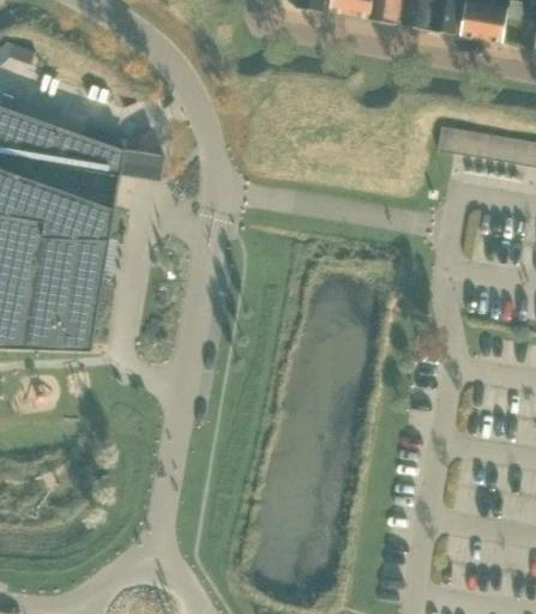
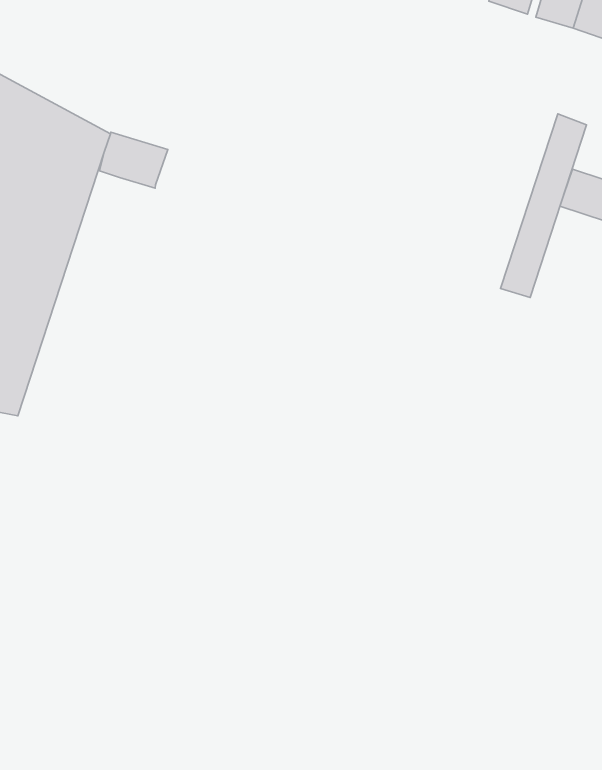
building: none -> [500,114,587,297]

